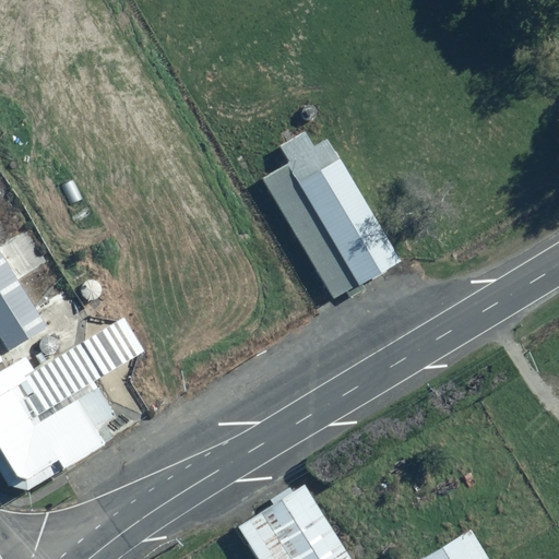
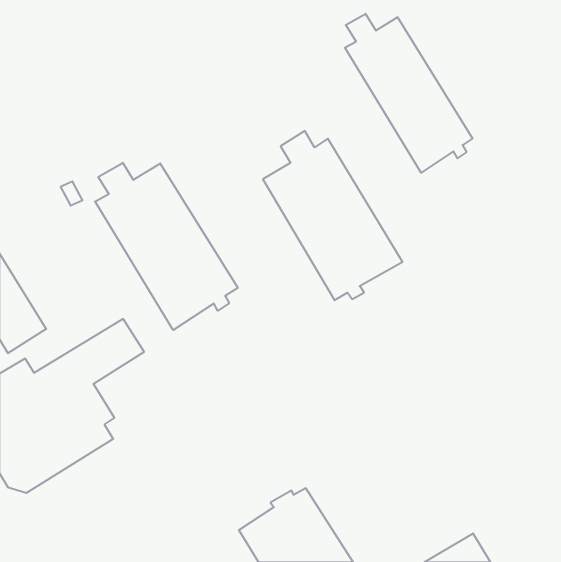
building: none -> [345,14,473,173]
building: none -> [95,163,238,330]

